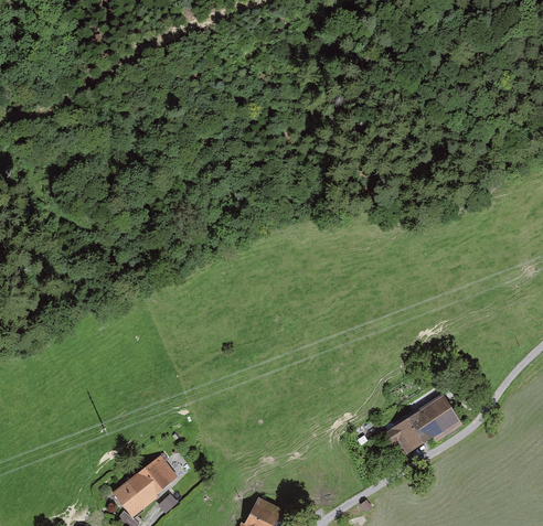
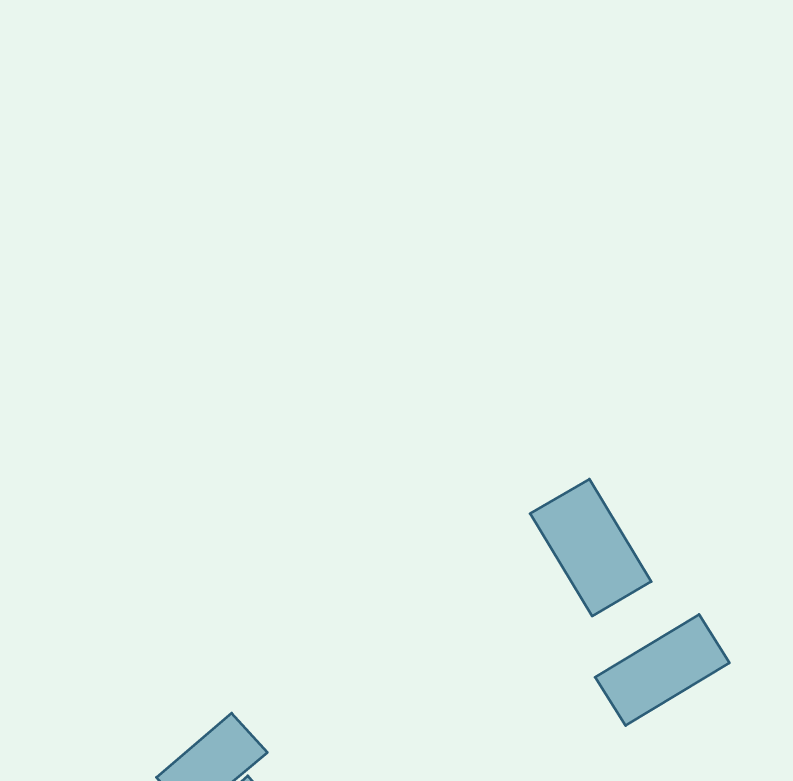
building: none -> [530,479,651,616]

